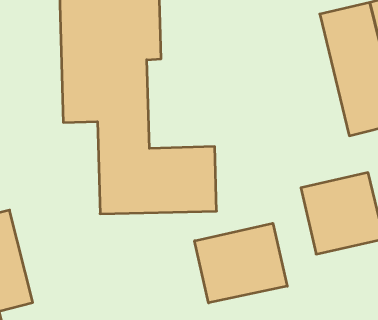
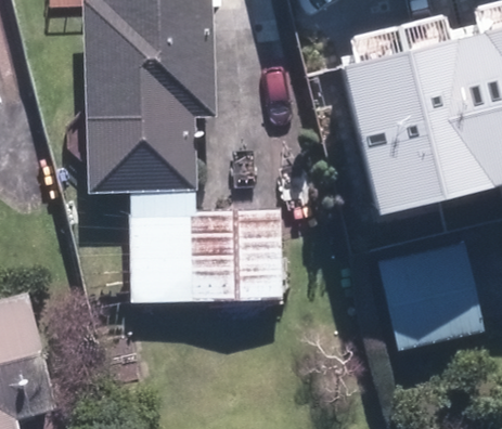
building: none -> [344,54,439,217]
building: [195,223,287,303] -> none

